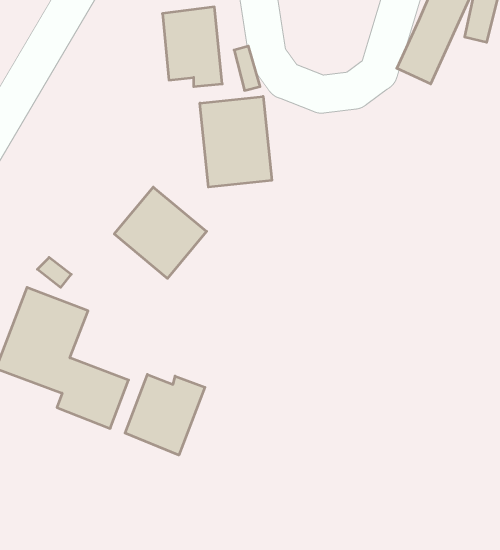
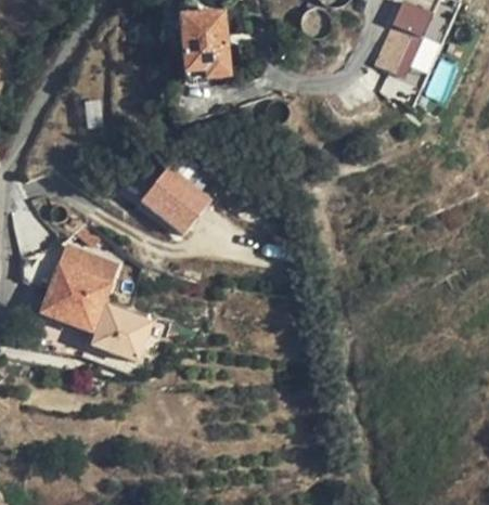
building: [200,96,272,187] -> none
building: [125,374,205,455] -> none

